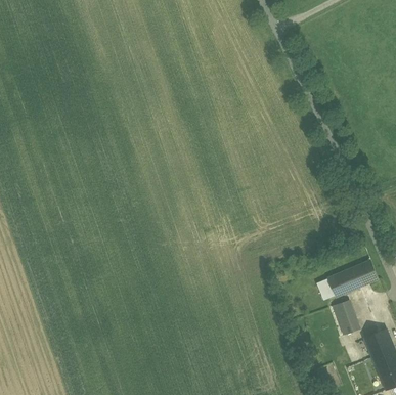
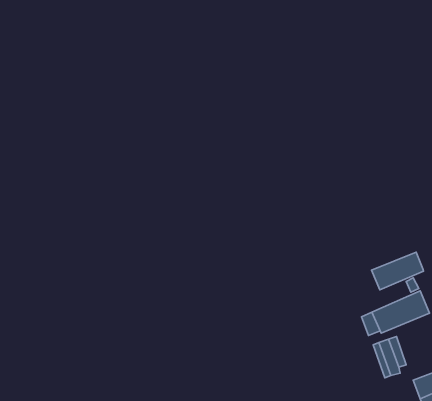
building: none -> [372,252,424,290]

